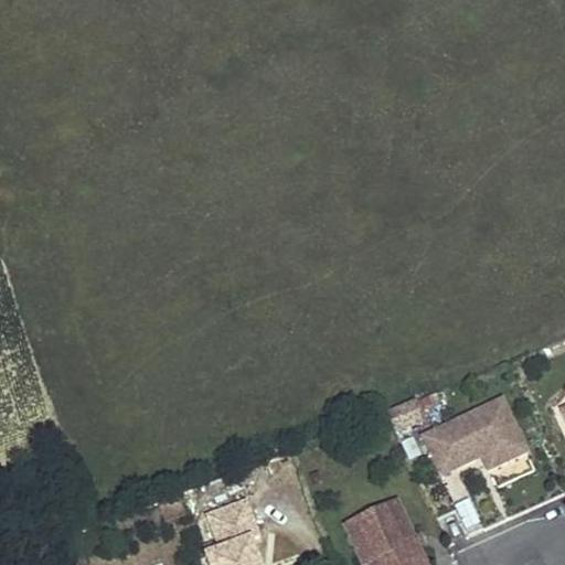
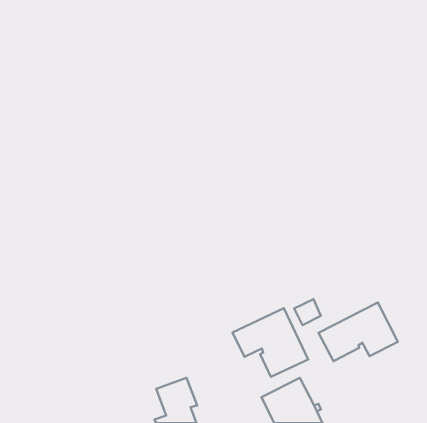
building: none -> [232,308,308,377]

